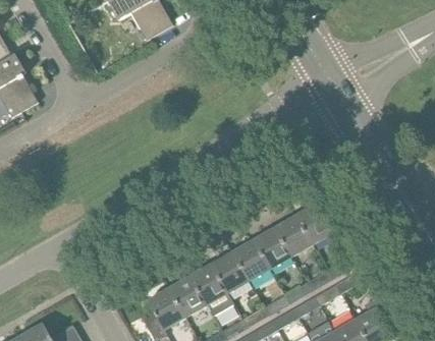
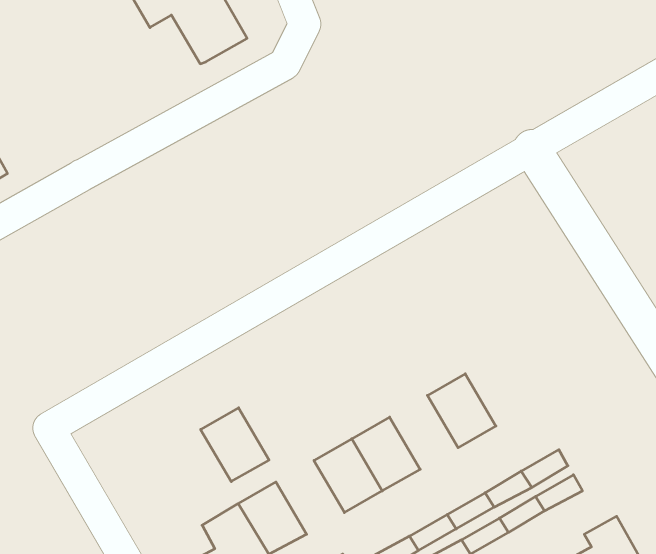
building: [295,203,334,244] -> none
building: [253,227,291,269] -> none
building: [188,264,227,305] -> [201,408,269,482]

